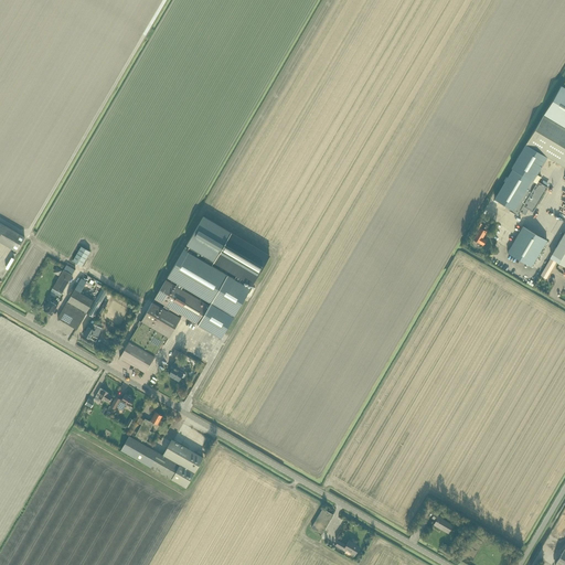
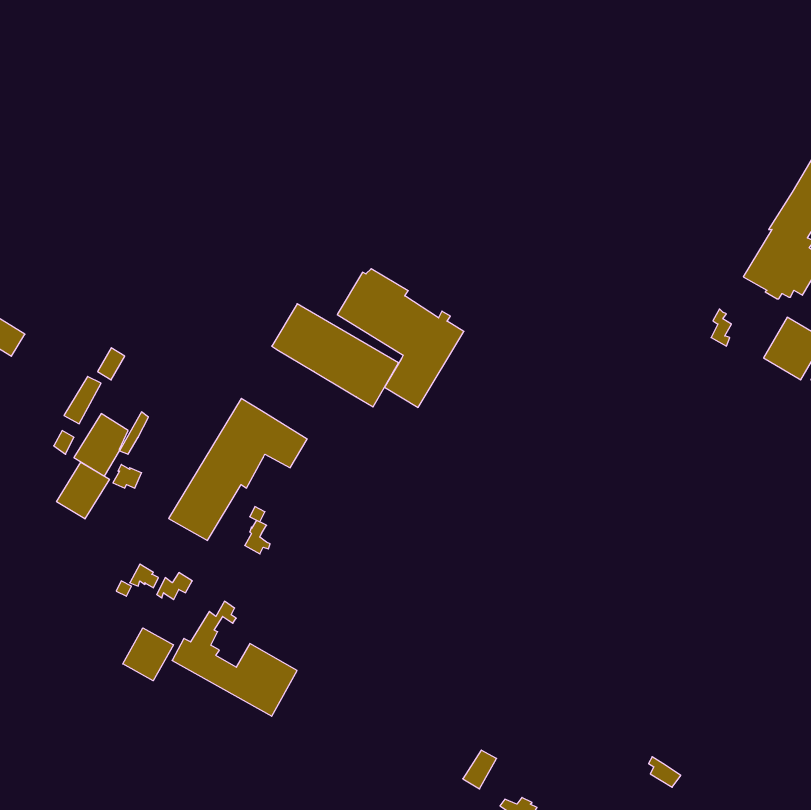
building: [168,247,250,338] -> [337,269,464,407]
building: none -> [57,462,109,519]
building: none -> [123,628,173,681]

